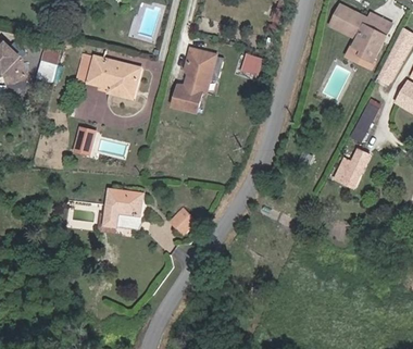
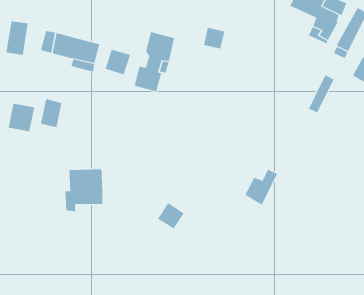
building: none -> [105,49,131,75]
building: none -> [8,103,35,132]
building: [331,150,366,188] -> [244,169,278,205]
building: [168,204,197,233] -> [157,202,185,229]

